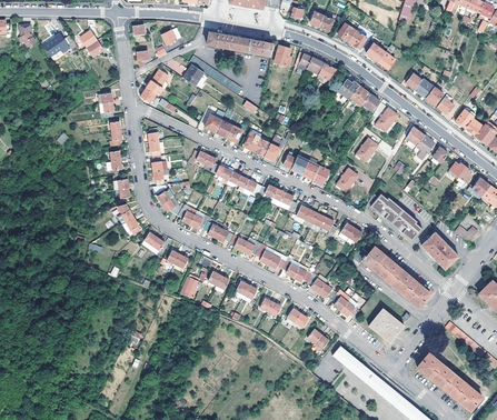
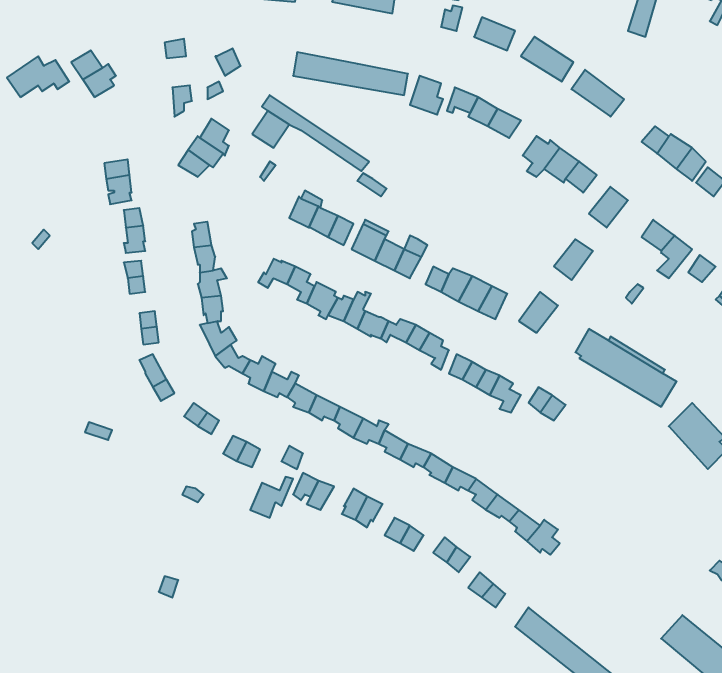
building: [351,247,430,308] -> none
building: [368,308,405,343] -> none

